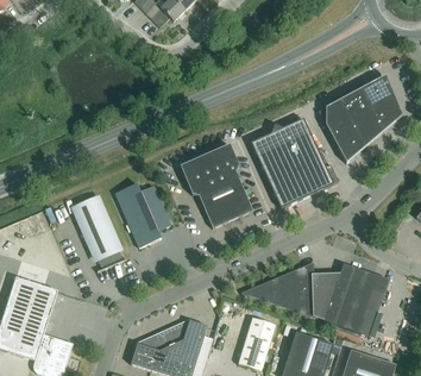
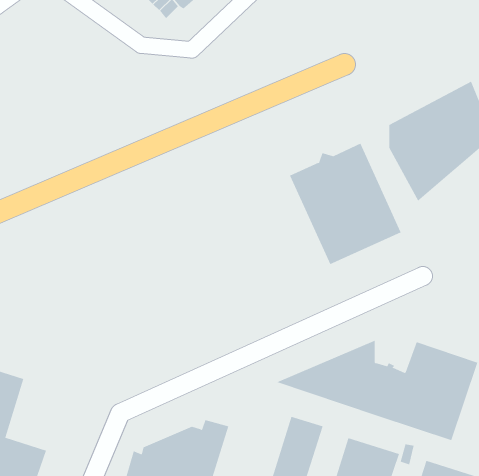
building: [181,144,253,227] -> none
building: [115,182,171,247] -> none
building: [75,196,127,271] -> none

